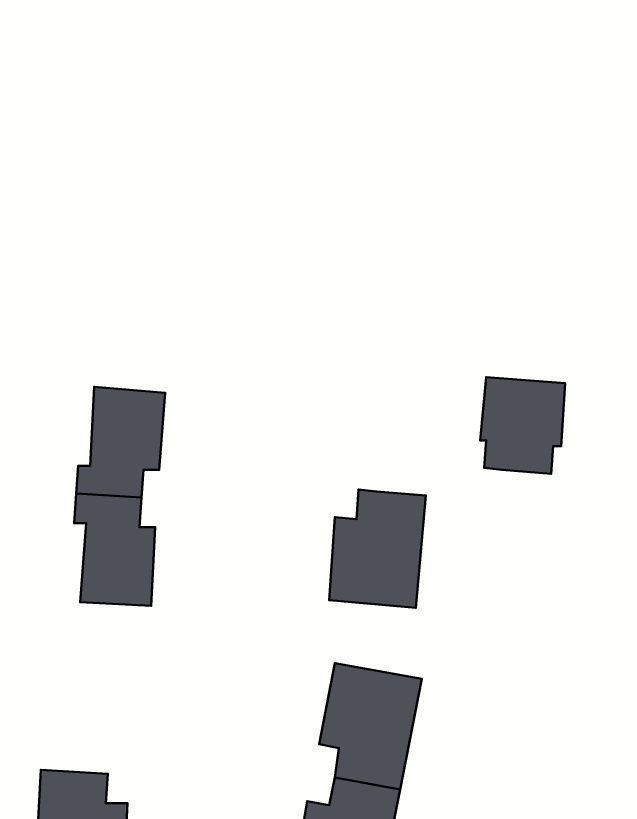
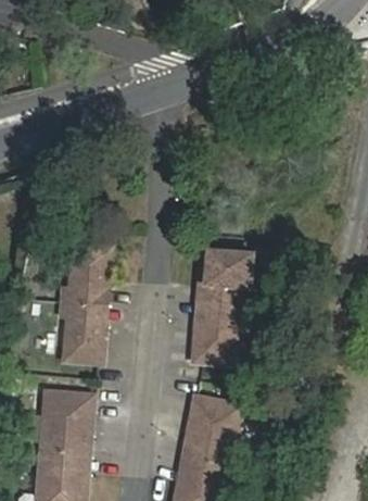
building: [480,377,565,474] -> [208,249,255,302]
building: none -> [36,390,87,455]

